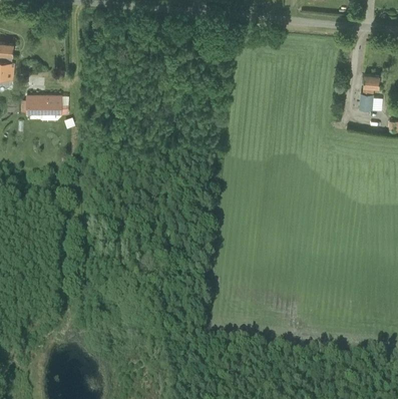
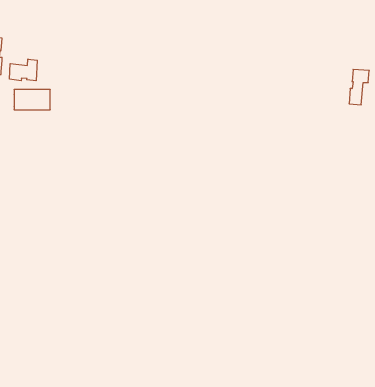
building: none -> [10,59,37,81]

